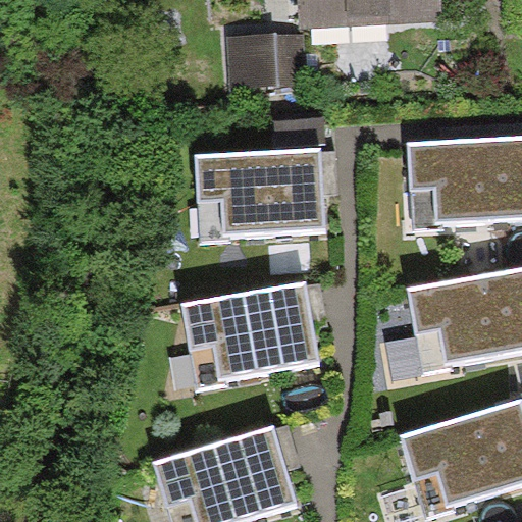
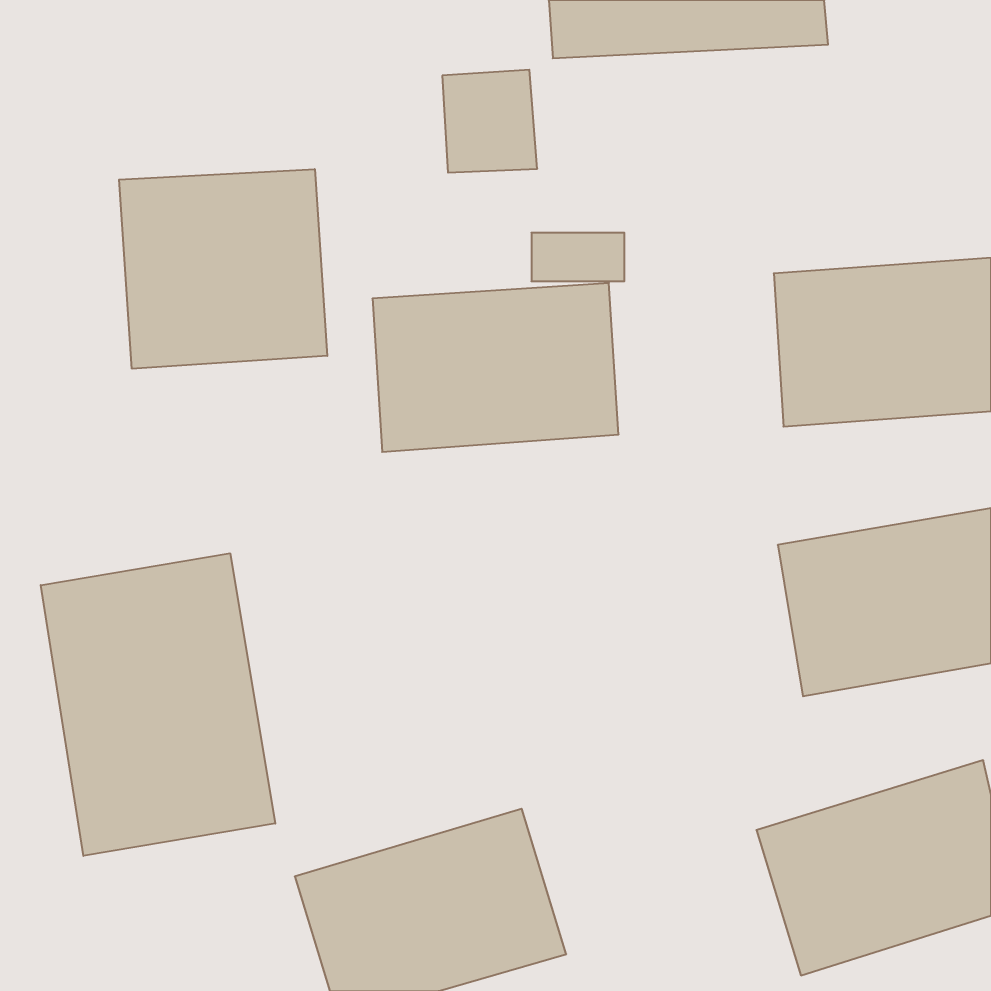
building: none -> [119,169,327,369]
building: [181,280,317,379] -> none
building: none -> [41,553,275,856]

